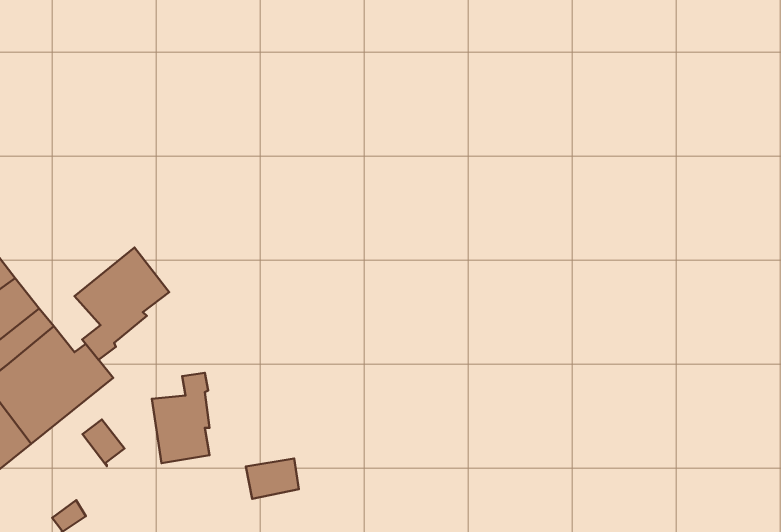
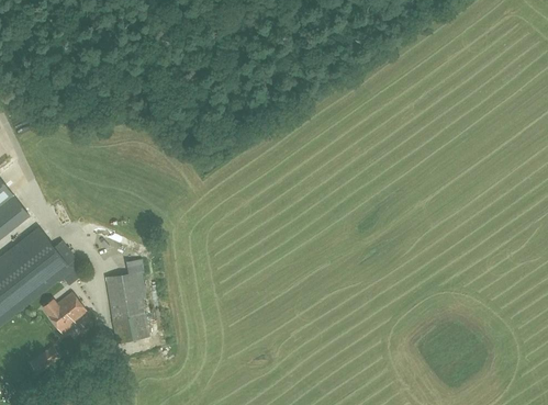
building: [74,248,169,360] -> none
building: none -> [42,299,75,333]
building: [246,458,299,499] -> [112,315,148,342]

